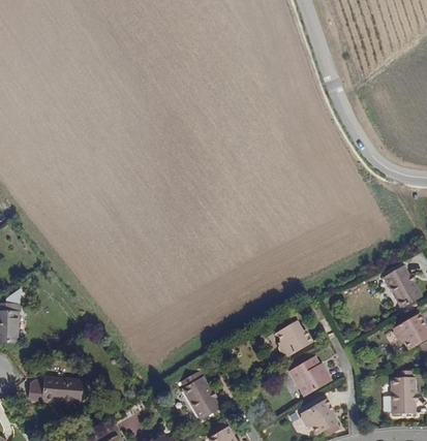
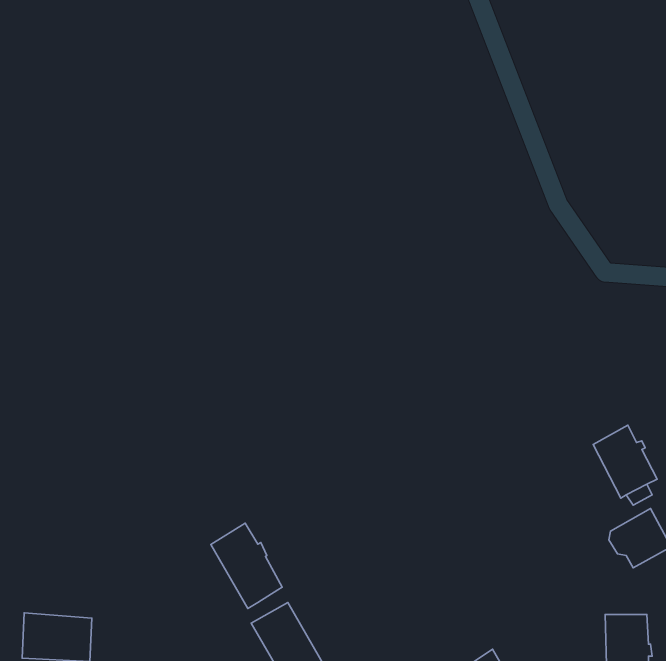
building: [274,319,312,357] -> none
building: none -> [211,523,282,609]
building: [287,355,332,398] -> none

